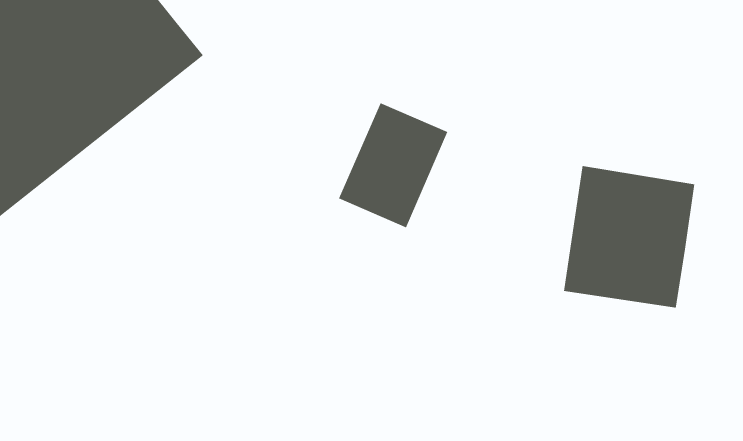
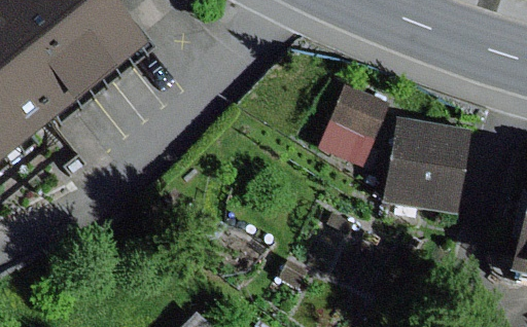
building: [338,102,448,228] -> [316,84,389,168]

